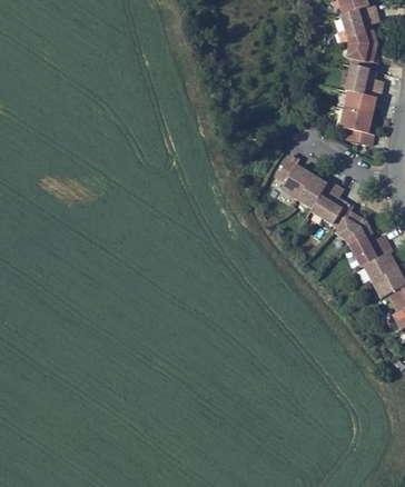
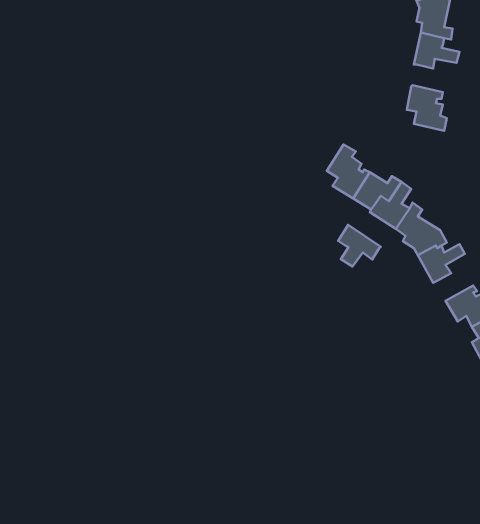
building: [345,86,381,112] -> none
building: none -> [338,225,381,266]
building: [364,242,394,280] -> none

